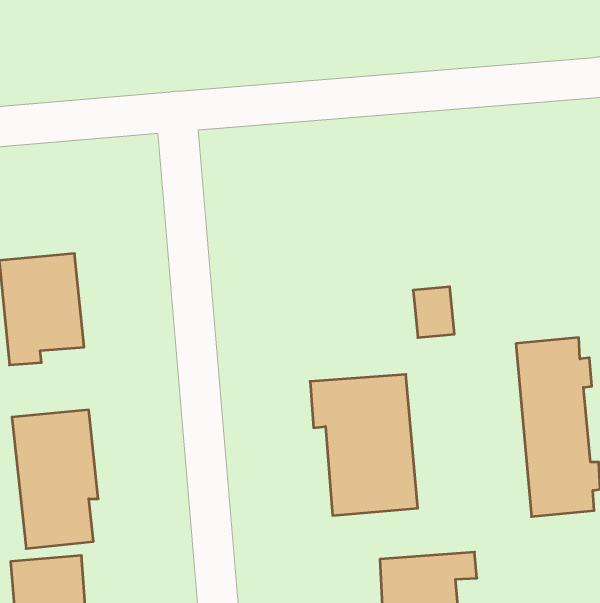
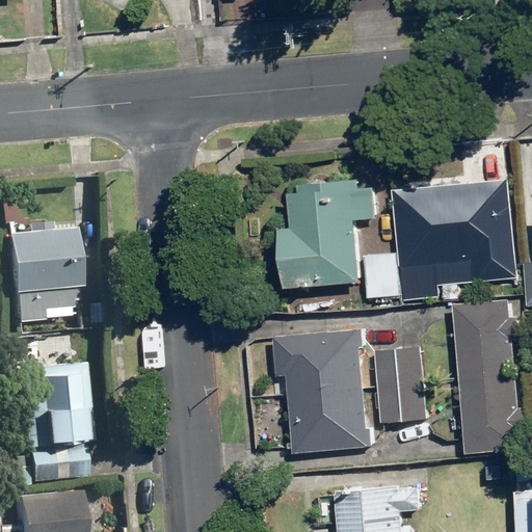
building: none -> [392,180,517,283]
building: none -> [281,181,376,290]
building: none -> [372,347,426,424]

